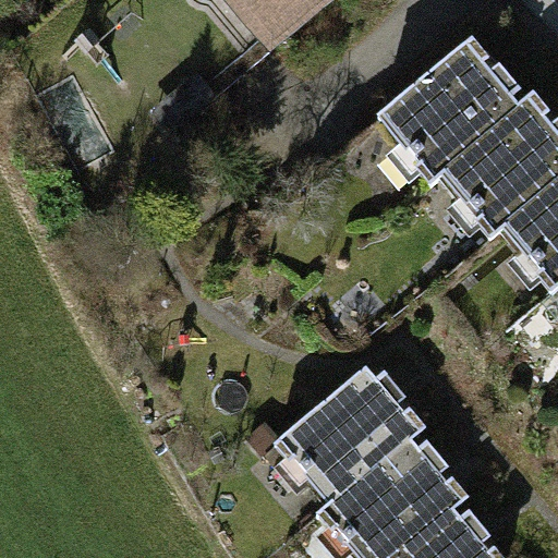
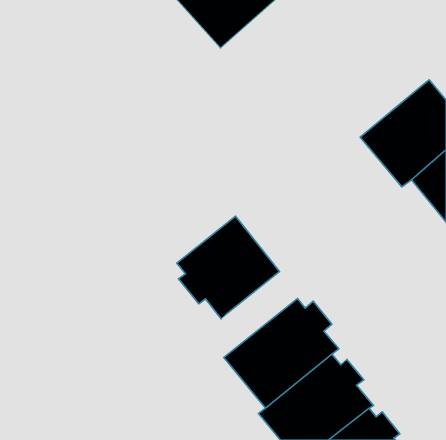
building: [380,45,518,178] -> none
building: none -> [177,216,279,319]

